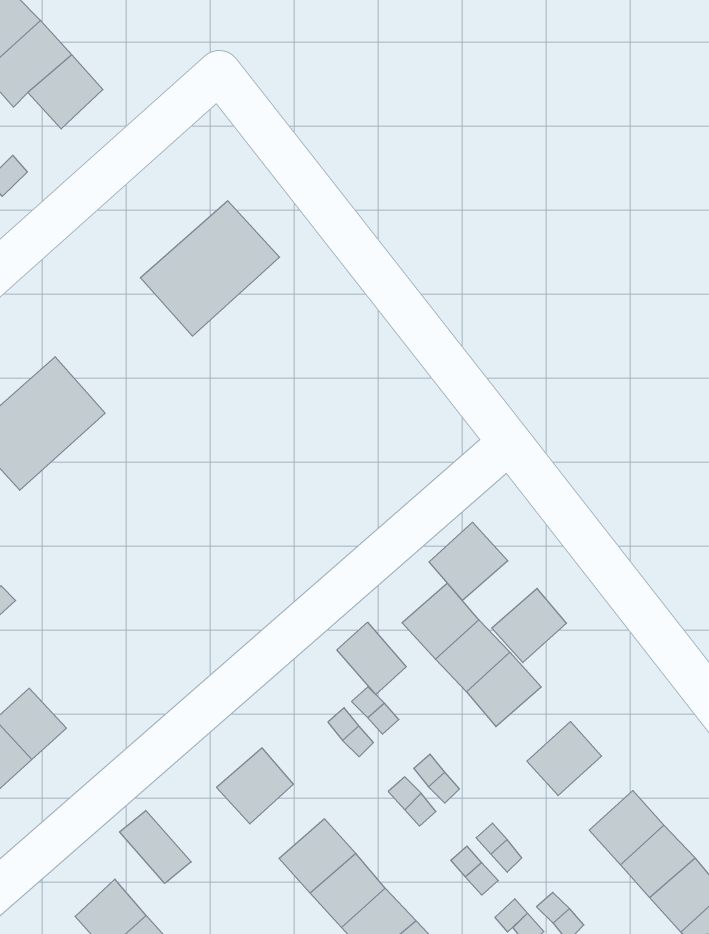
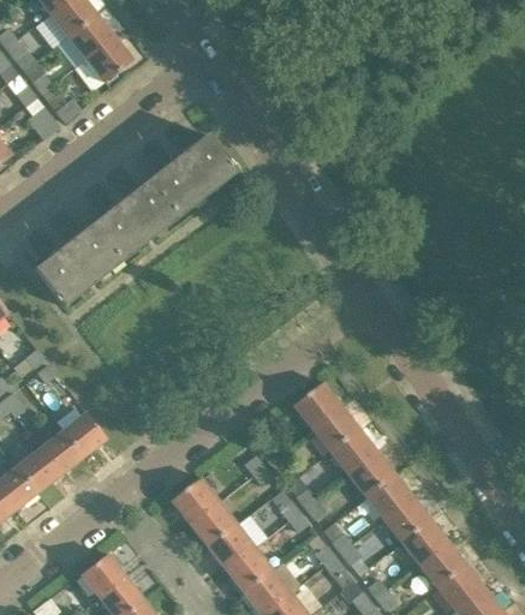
building: none -> [90,179,177,262]
building: [429,522,508,601] -> none
building: [492,588,567,663] -> [350,450,396,496]
building: [337,622,406,695] -> none
building: none -> [60,412,105,456]
building: none -> [386,496,432,542]
building: none -> [192,501,239,547]
building: [119,810,191,883] -> none

